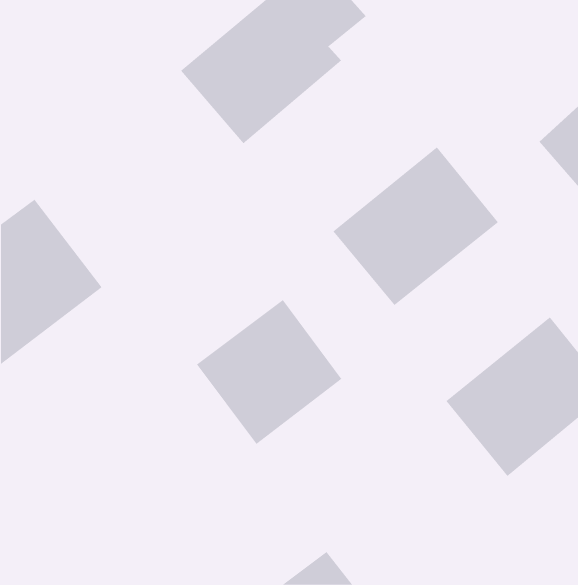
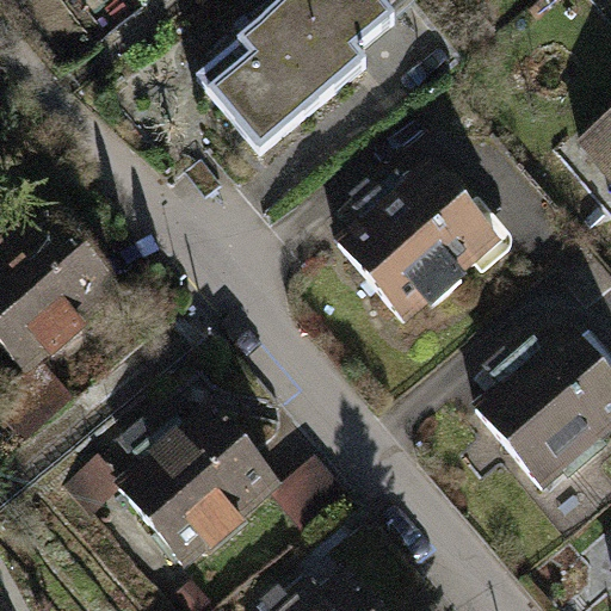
building: [196,299,342,445] -> none
building: none -> [105,401,284,573]

